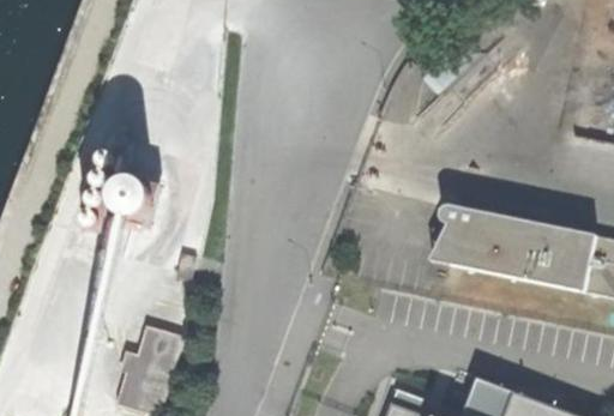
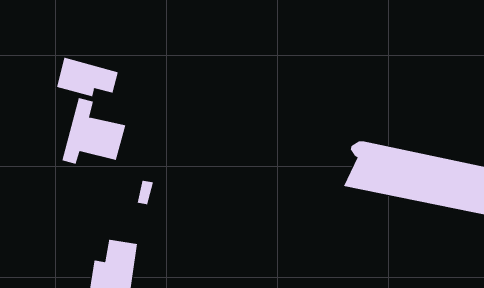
building: none -> [57,57,118,97]

